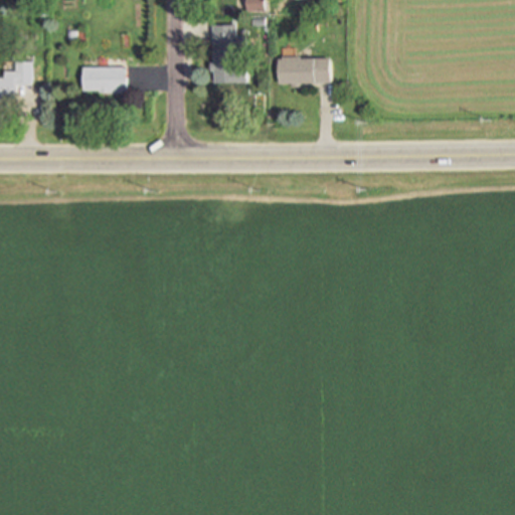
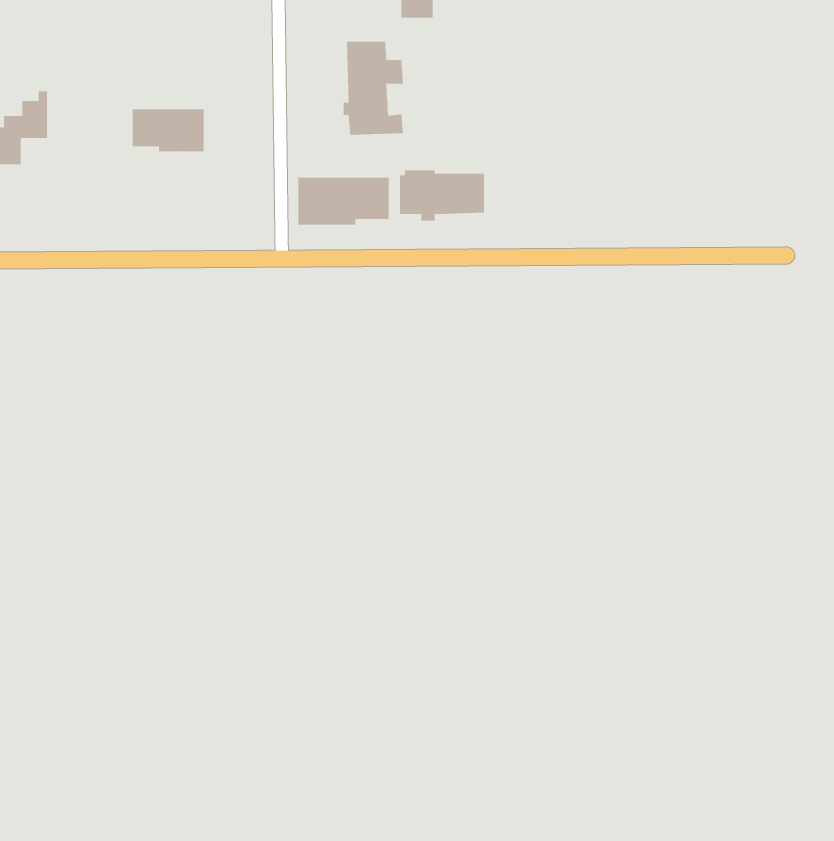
building: [277,56,329,88] -> [399,170,485,221]
building: none -> [298,177,389,225]

